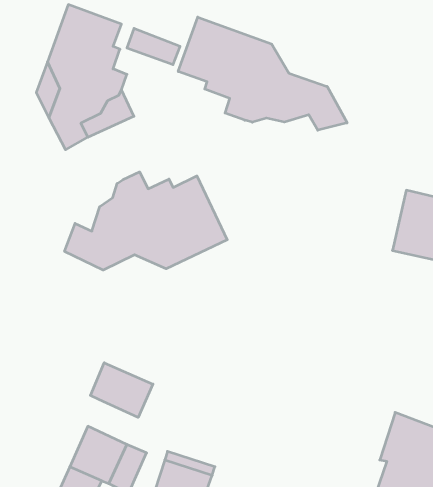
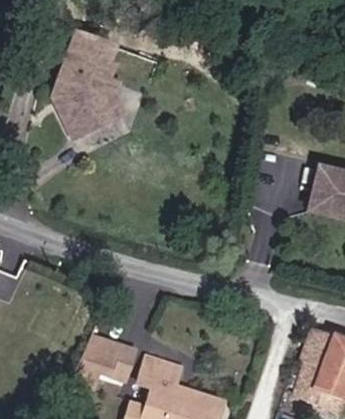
building: [178,17,347,130] -> none
building: [65,172,227,270] -> none
building: [90,363,153,417] -> none

